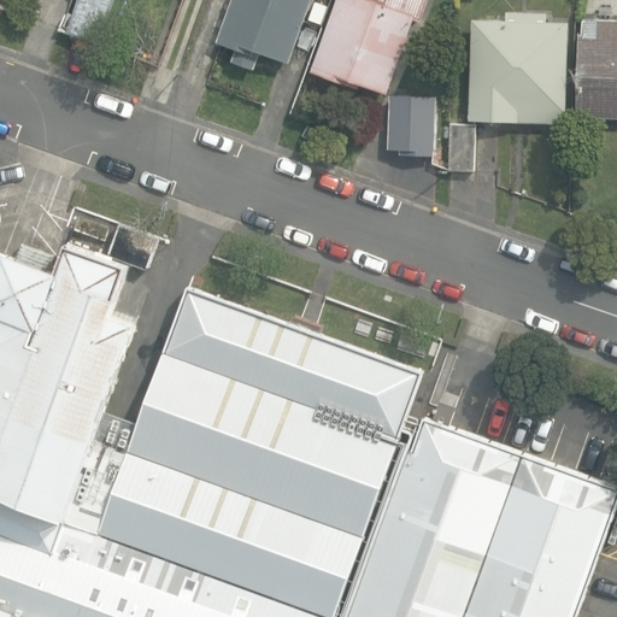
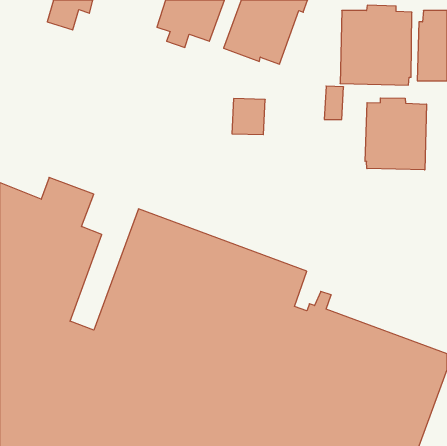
building: [387,96,433,146] -> [232,99,265,135]
building: none -> [365,98,426,170]

